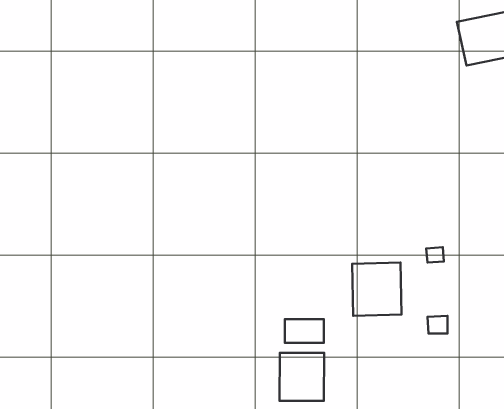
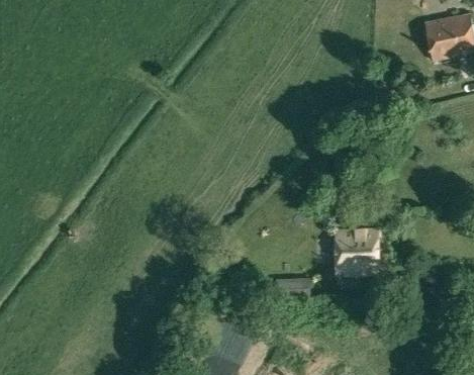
building: [280,353,324,401] -> none

